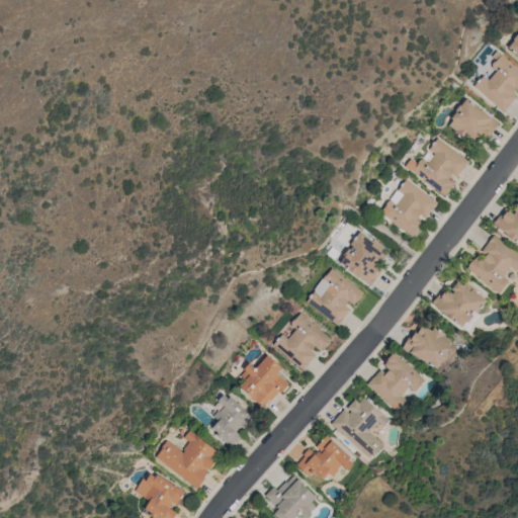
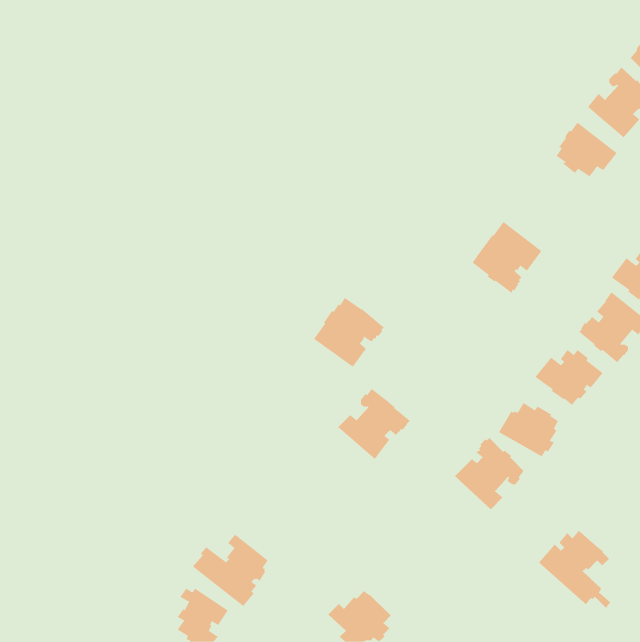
building: [405,138,469,195] -> none
building: [341,231,386,285] -> none
building: [307,268,364,325] -> [313,297,385,368]
building: [240,354,288,407] -> none
building: [212,394,255,447] -> none
building: [332,397,391,460] -> [538,530,611,609]
building: [297,435,353,480] -> none

